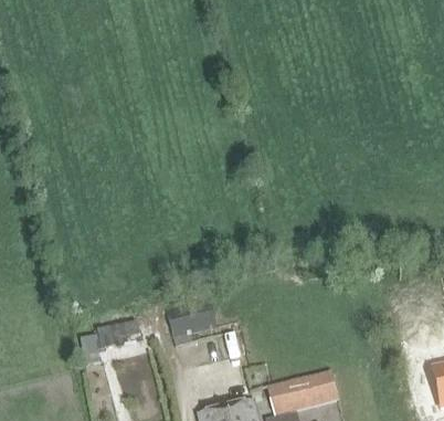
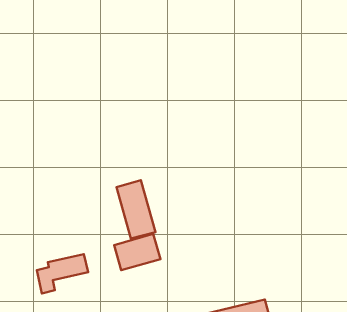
building: none -> [117,180,156,238]

